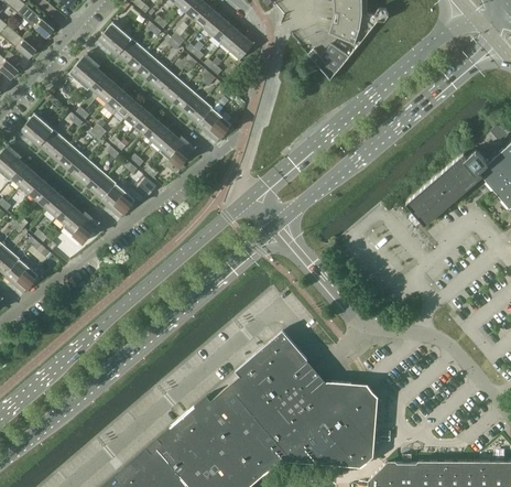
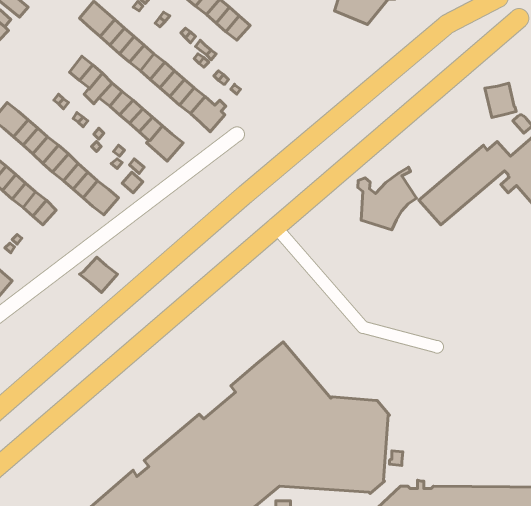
building: [308,44,349,82] -> none
building: [69,57,101,90] -> none
building: none -> [485,83,516,117]
building: none -> [358,167,417,230]
building: [63,212,97,244] -> [80,257,117,293]

